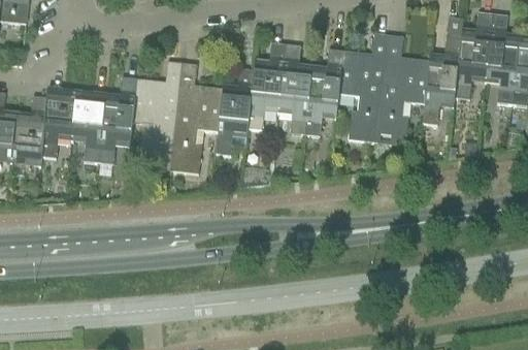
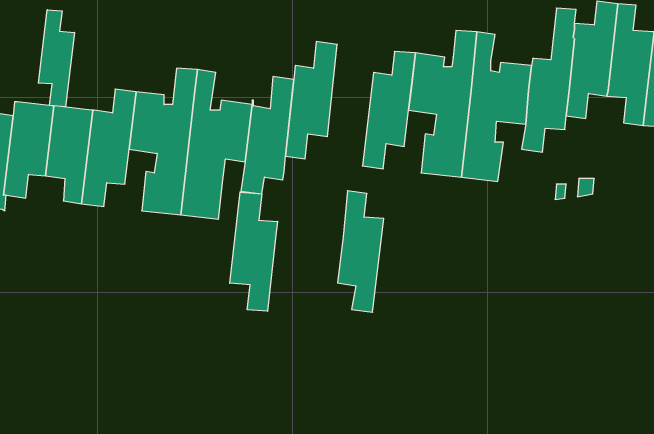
building: none -> [38,10,74,107]
building: [279,44,314,134] -> [338,191,384,312]
building: none -> [230,192,278,311]

